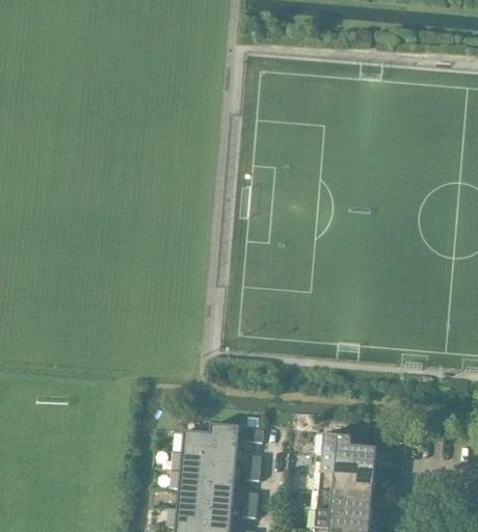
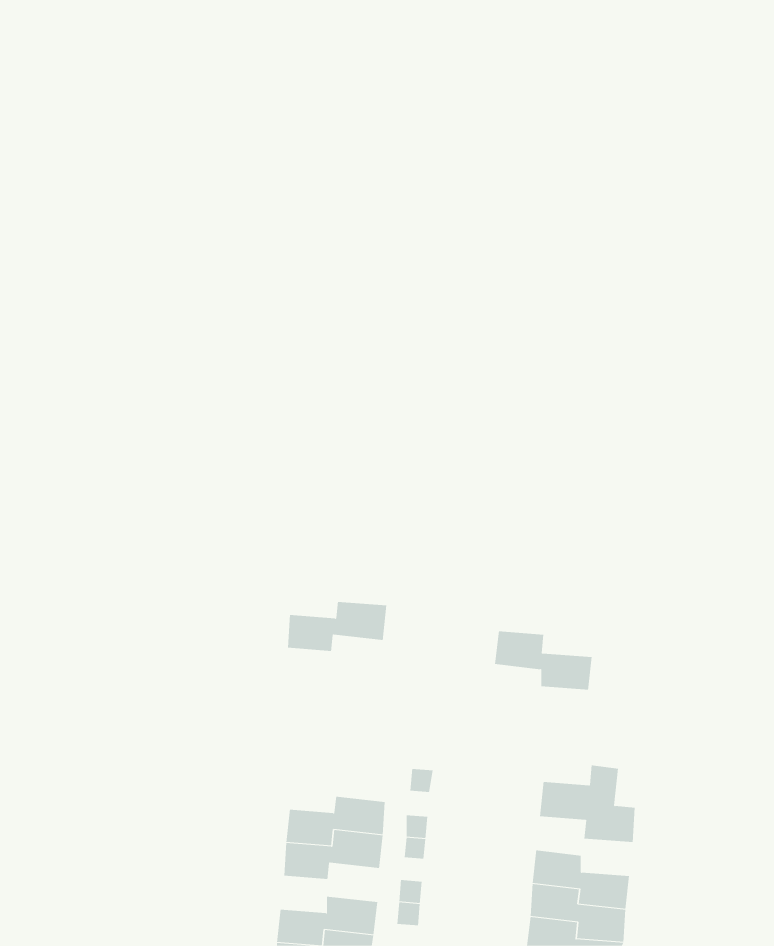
building: [182,428,238,456] -> [287,602,387,652]
building: [320,458,375,491] -> [494,631,592,690]
building: [177,484,233,512] -> none

